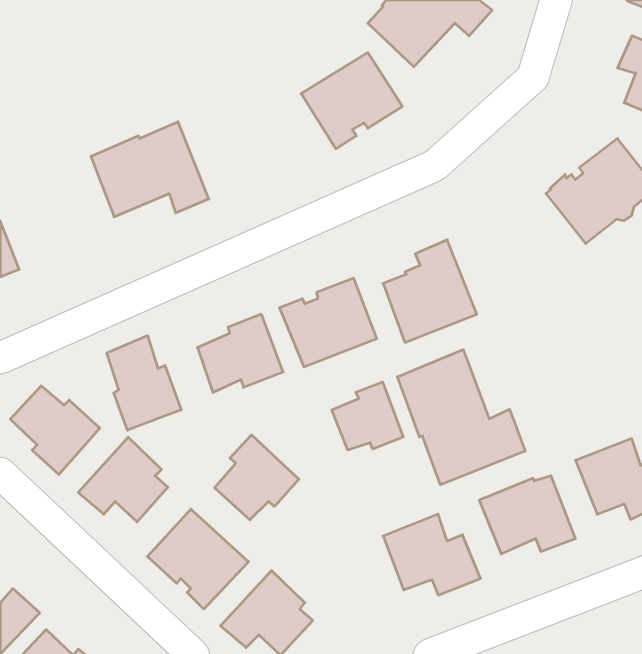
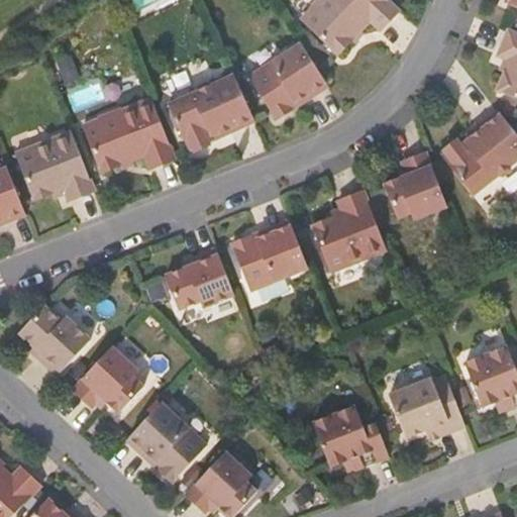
building: none -> [168,74,254,150]
building: none -> [14,130,94,200]
building: none -> [383,151,446,218]
building: [107,336,181,430] -> none
building: [397,350,525,485] -> none
building: [332,382,403,450] -> none
building: [215,435,299,520] -> none

